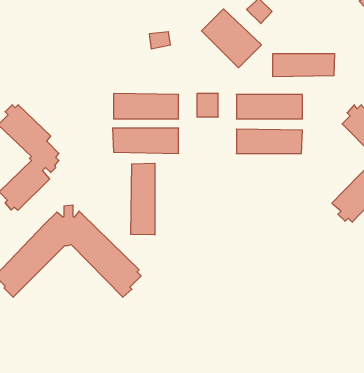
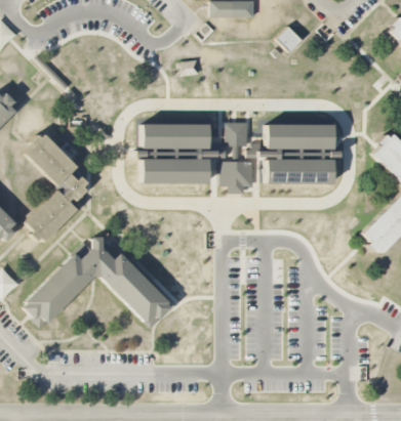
building: [201,9,261,68] -> none
building: [273,54,335,77] -> none
building: none -> [220,162,253,194]
building: [131,163,155,235] -> none

